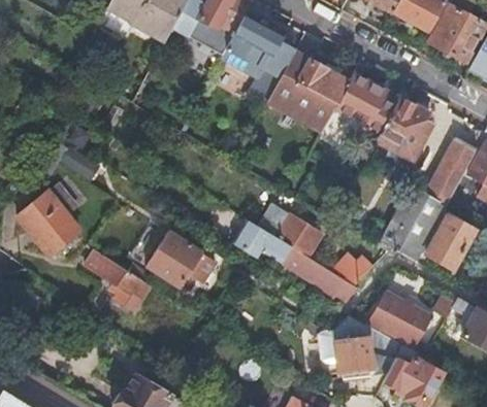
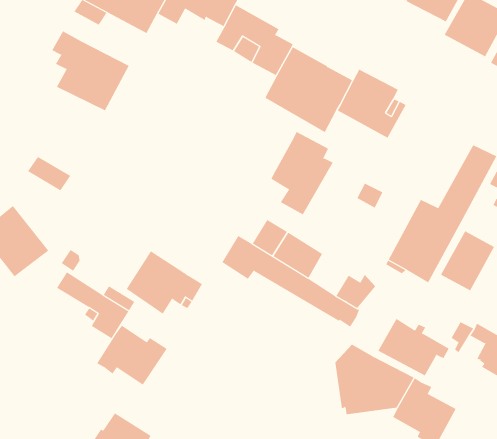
building: none -> [51,30,129,111]
building: [376,98,431,172] -> [271,131,333,215]
building: none -> [96,325,167,385]

